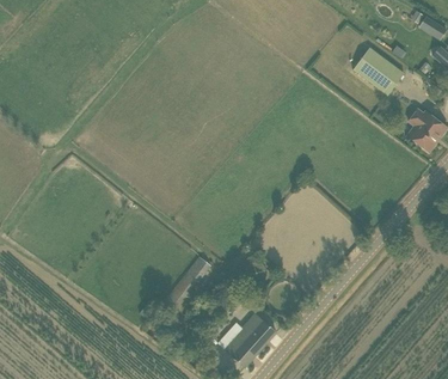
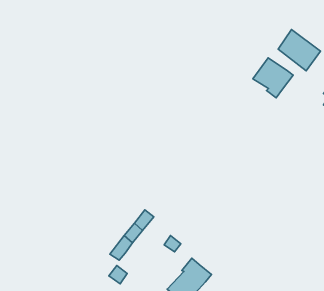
building: none -> [253,58,293,98]

